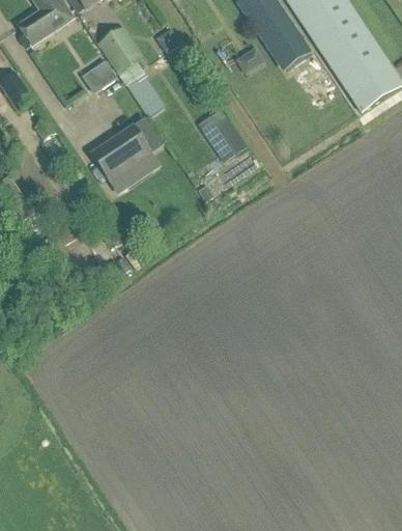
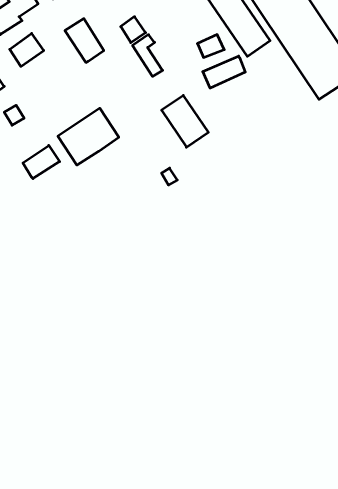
building: [82,59,117,93] -> [10,33,44,66]
building: [121,61,152,105] -> [133,35,163,76]
building: none -> [203,56,245,88]
building: none -> [23,145,60,179]

